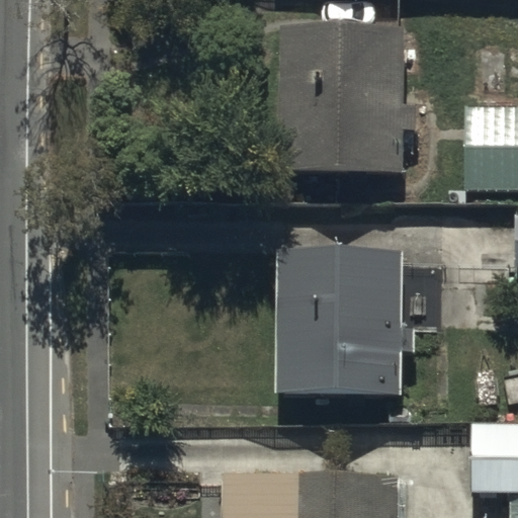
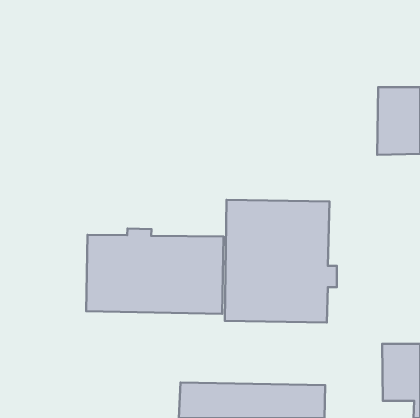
building: [280,25,418,171] -> none
building: none -> [86,228,223,314]

